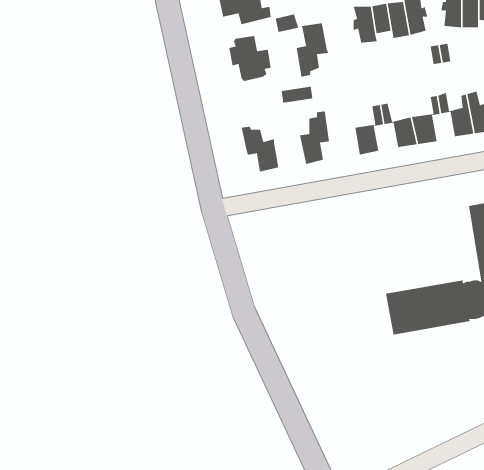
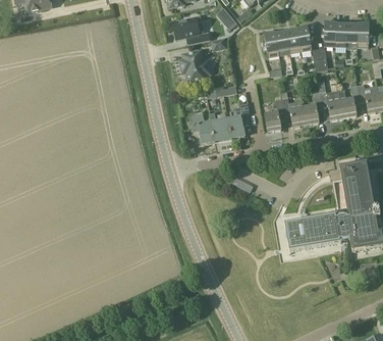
building: [296,22,329,78] -> none
building: none -> [210,111,231,139]

